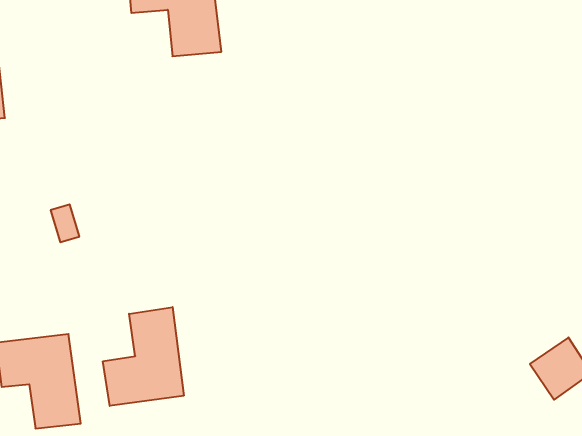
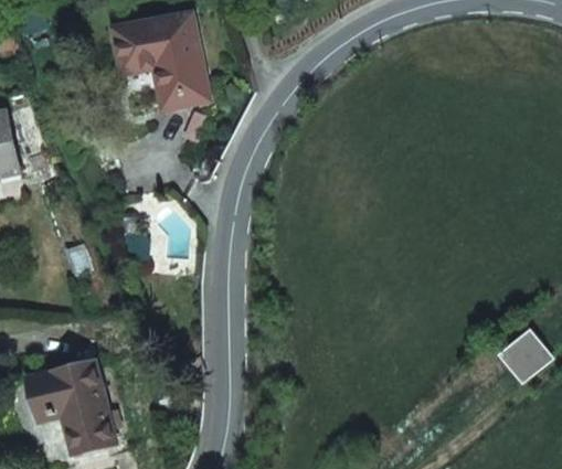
building: [103,307,184,406] -> none

